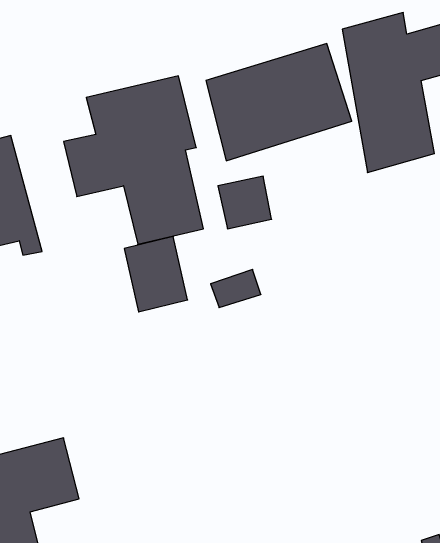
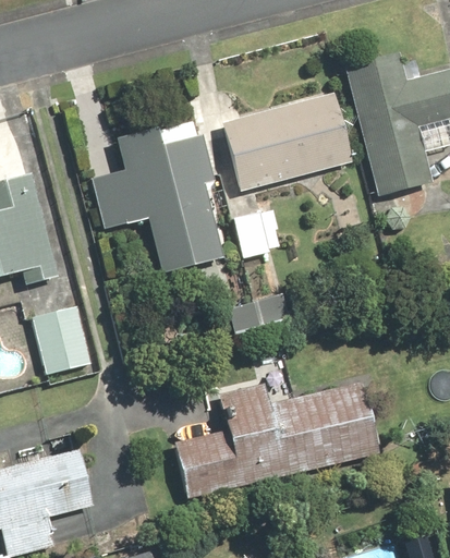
building: [124,237,188,312] -> [44,303,101,372]
building: none -> [169,381,372,499]

